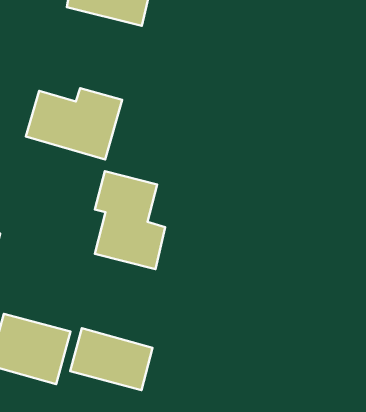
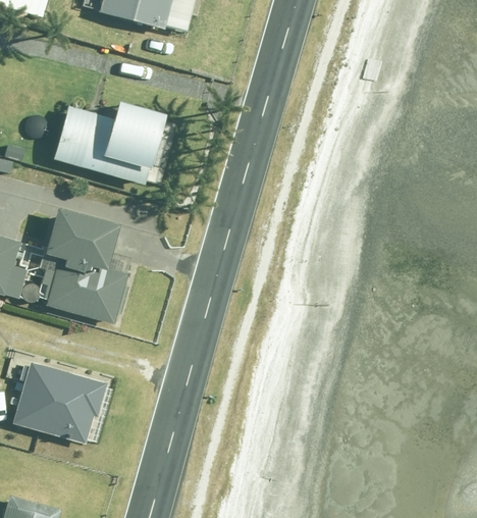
building: [95,171,165,269] -> [46,210,126,322]
building: [70,328,153,390] -> none

